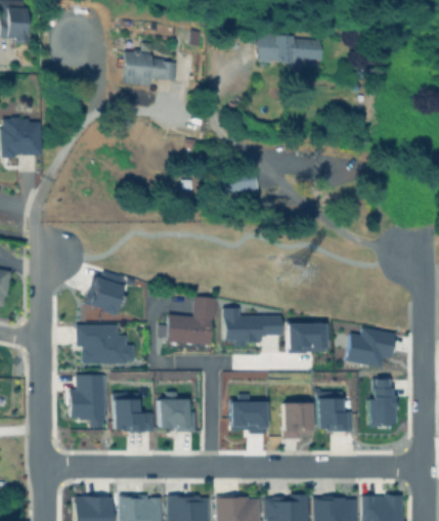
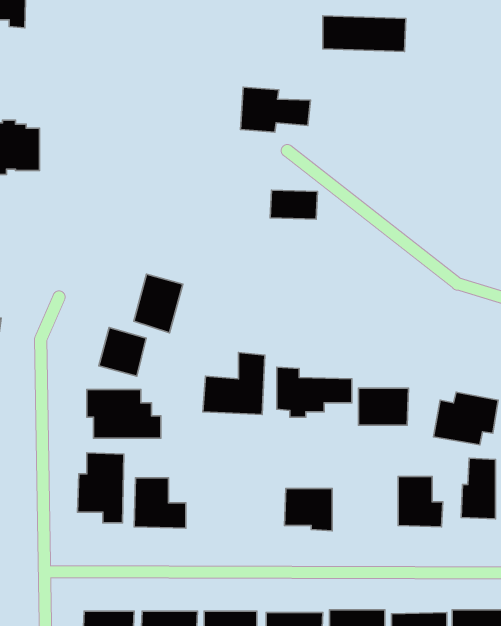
building: [124,51,178,86] -> [241,87,310,132]
building: none -> [134,274,183,333]
building: [159,399,194,432] -> none
building: [283,403,313,439] -> none

